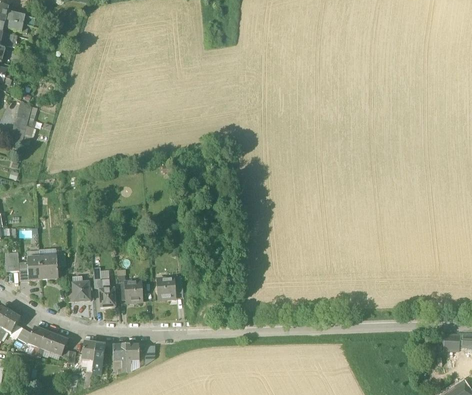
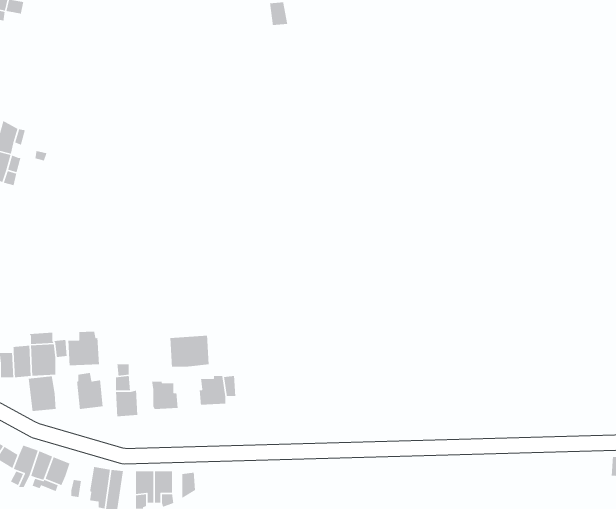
building: none -> [67,331,100,366]
building: none -> [170,335,209,367]
building: none -> [28,376,56,412]

